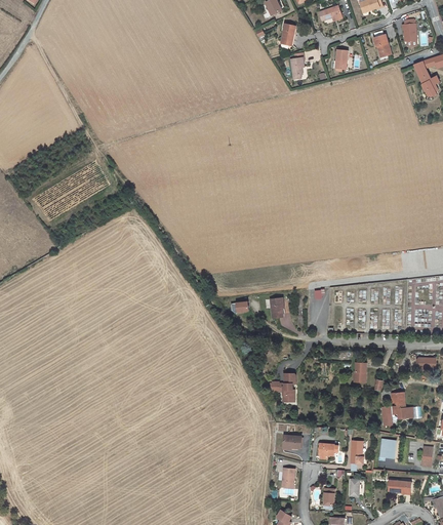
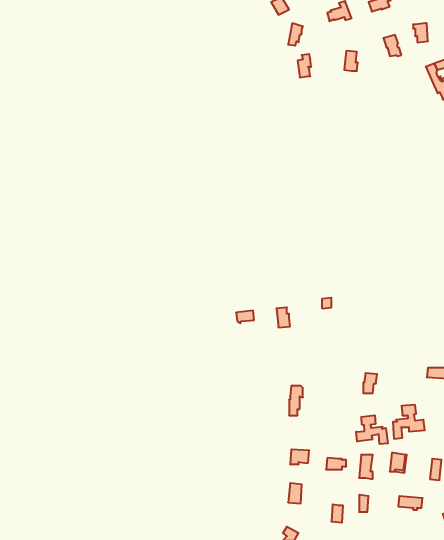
building: none -> [356,415,388,444]

